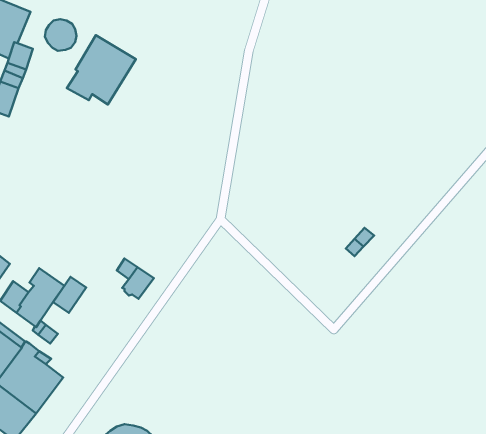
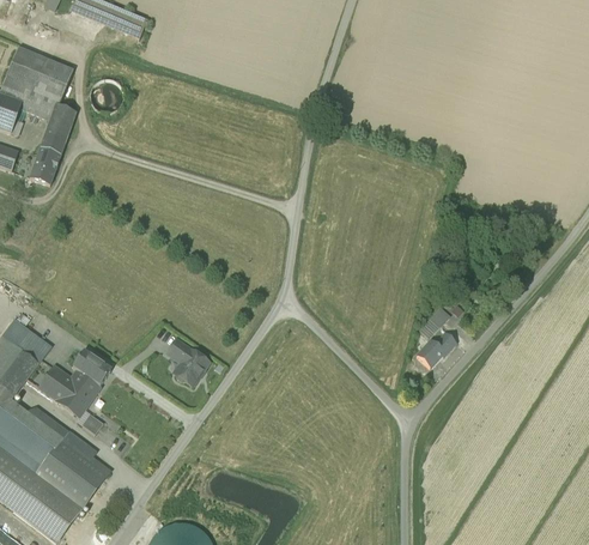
building: [67,35,136,104] -> none
building: none -> [417,332,456,368]
building: [53,277,86,313] -> none

